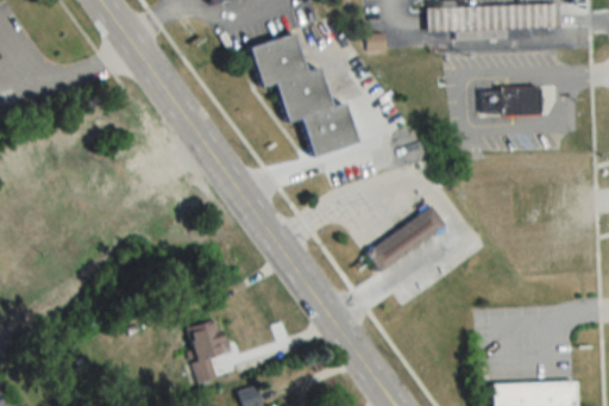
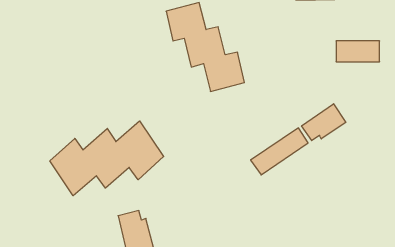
building: none -> [302,104,346,141]
building: none -> [50,121,164,196]

